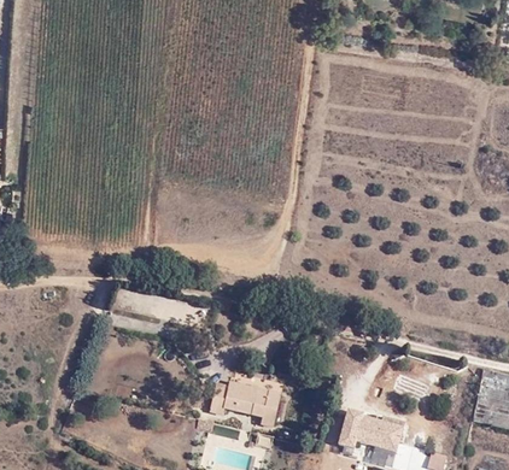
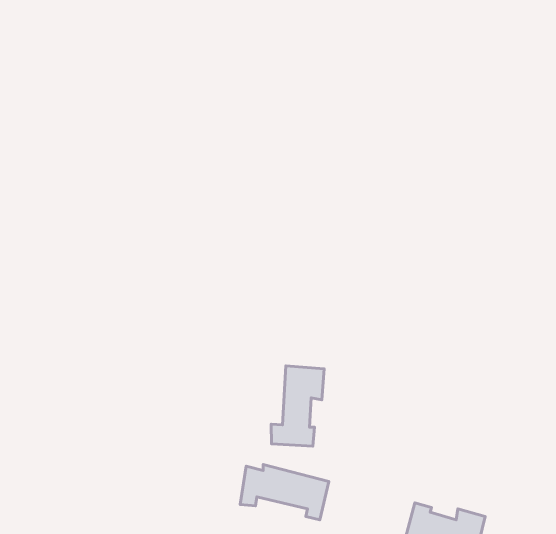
building: none -> [271,366,324,446]

